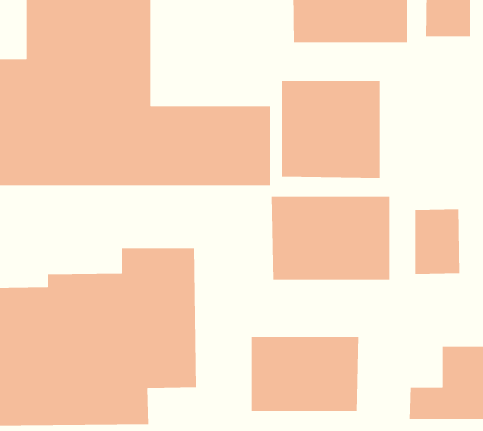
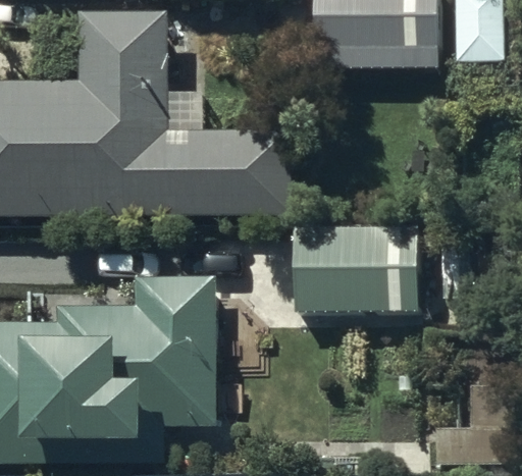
building: [281,80,381,179] -> none
building: [251,336,359,412] -> none

